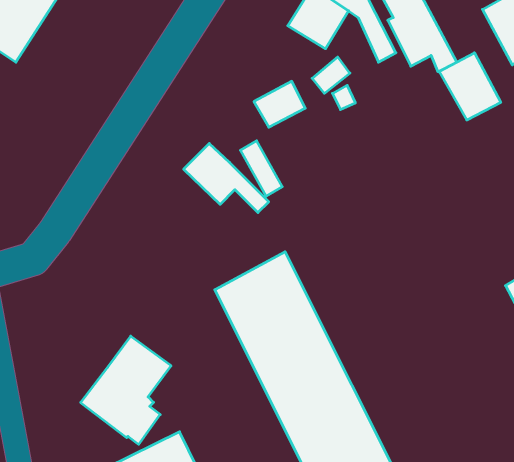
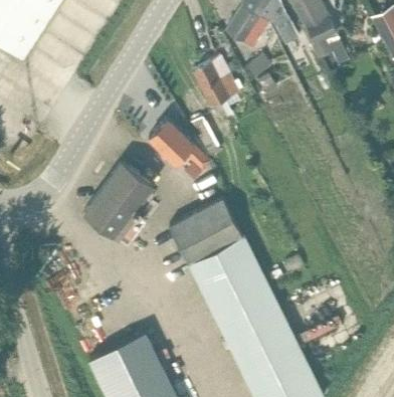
building: [439,53,501,120] -> none
building: none -> [192,57,228,88]
building: [81,336,171,444] -> [84,164,152,244]

